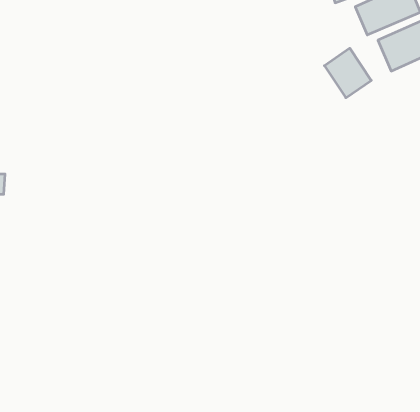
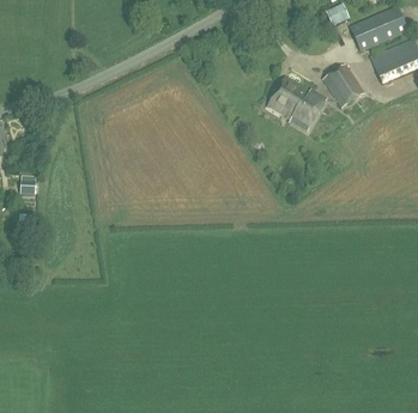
building: none -> [266,75,326,130]

